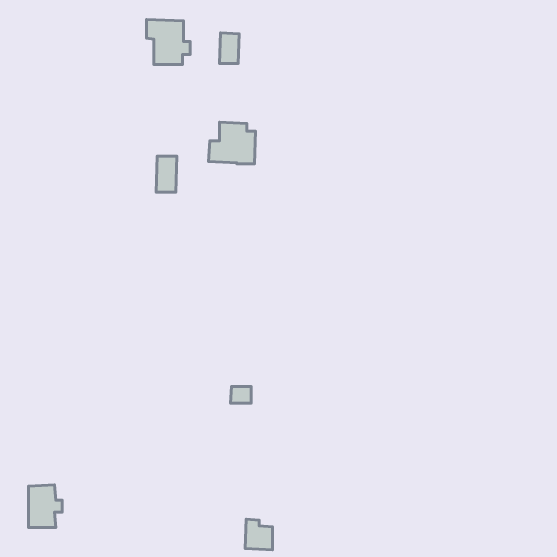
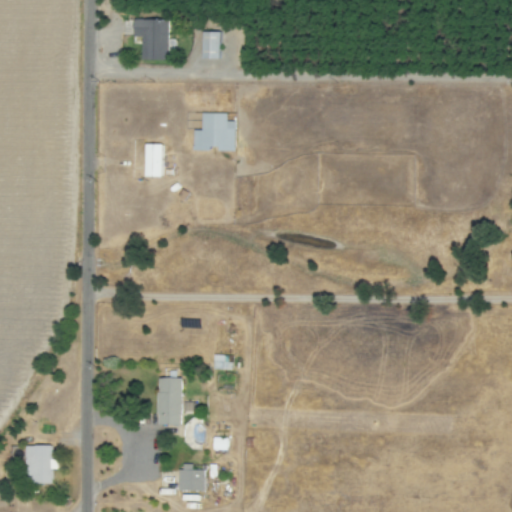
building: none -> [157,378,182,426]
building: [245,519,272,550] -> [179,464,204,492]

